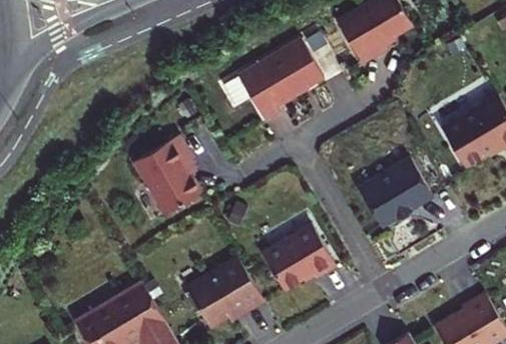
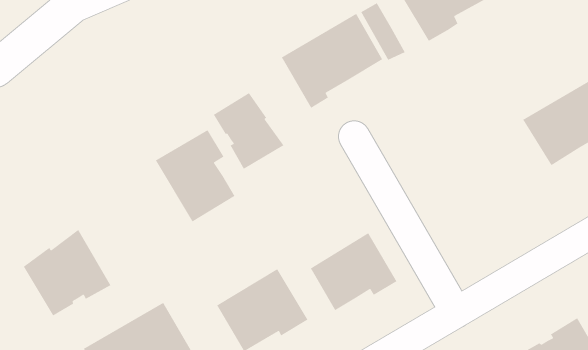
building: none -> [213,92,285,170]
building: [356,160,430,229] -> none
building: none -> [23,229,112,317]

